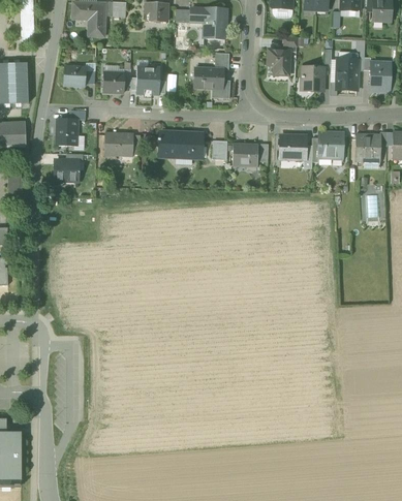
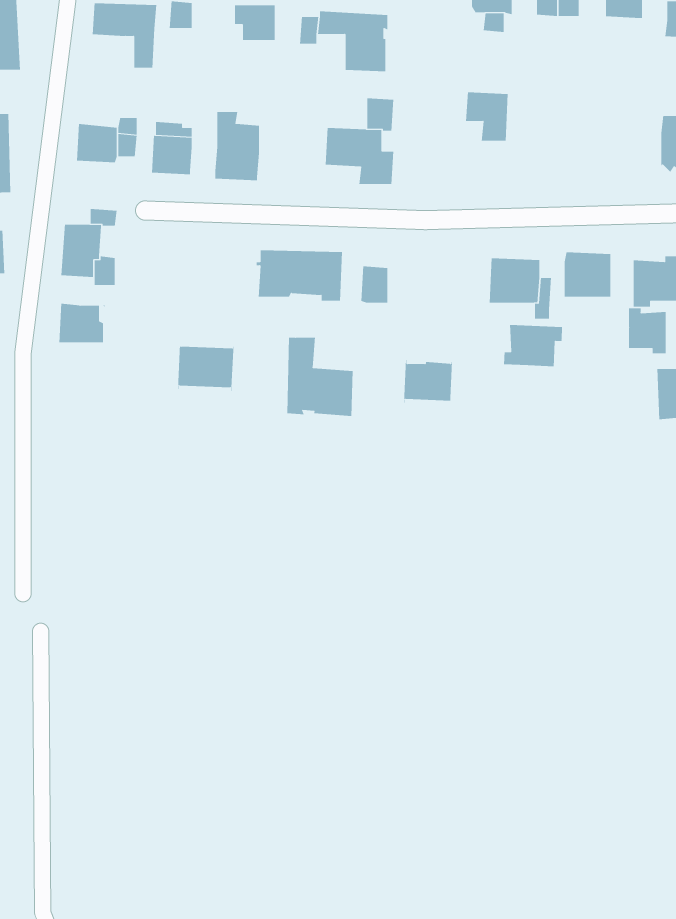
building: [335,58,358,90] -> none
building: [301,66,323,89] -> none
building: [103,131,133,156] -> [177,344,234,392]
building: [231,143,257,166] -> [403,360,453,405]
building: none -> [629,307,666,354]
building: none -> [504,324,563,367]
building: none -> [287,337,353,417]

